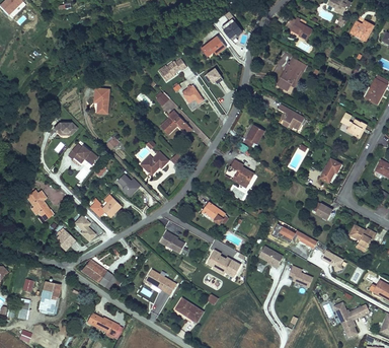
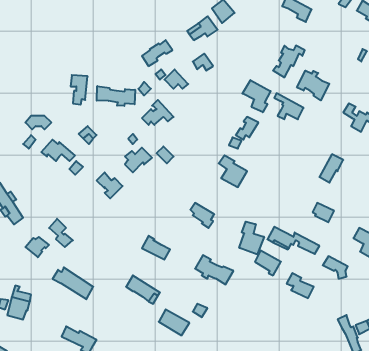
building: none -> [297,71,329,100]
building: none -> [242,80,271,112]
building: none -> [97,86,135,106]
building: [90,195,124,218] -> none
building: none -> [239,222,264,254]

